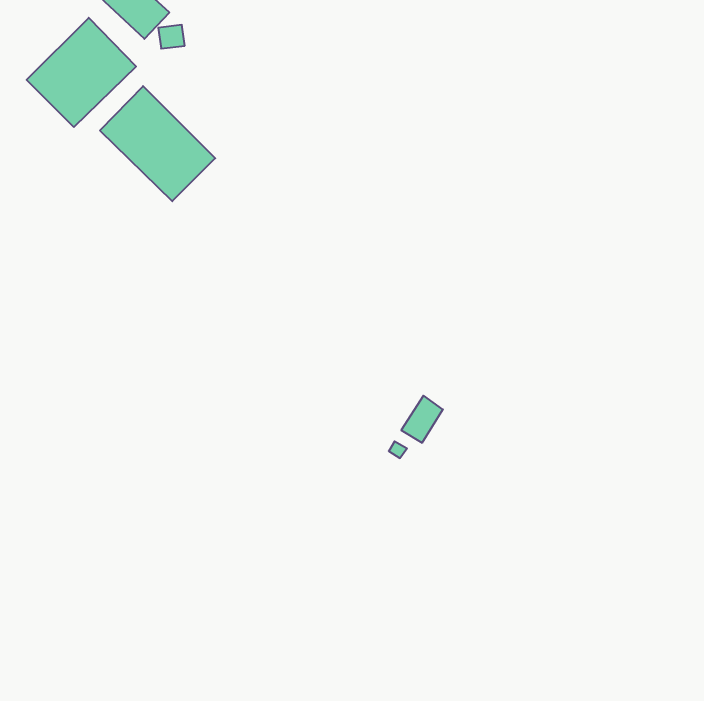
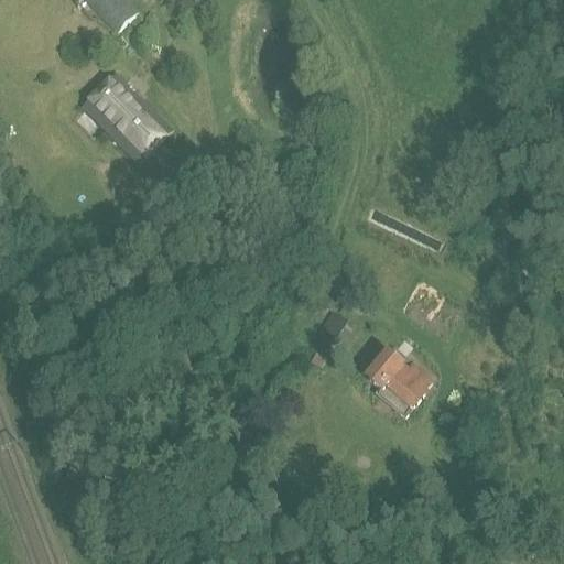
building: [27,18,136,127] -> none
building: none -> [366,346,429,414]

